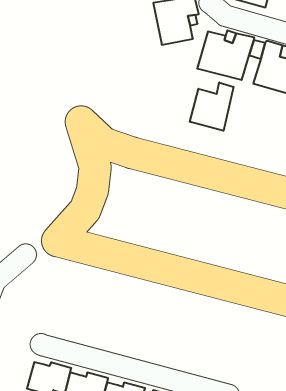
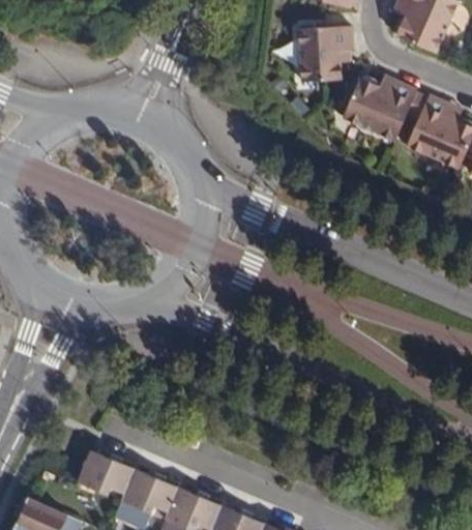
building: [190,82,234,131] -> none

